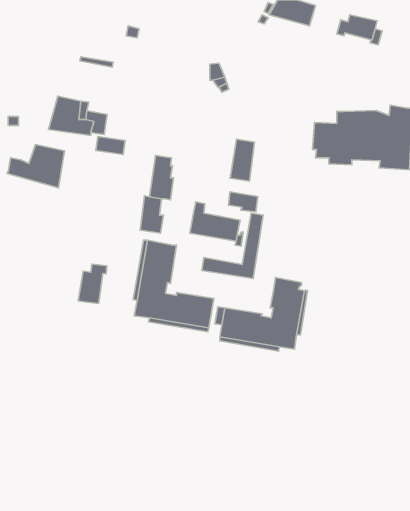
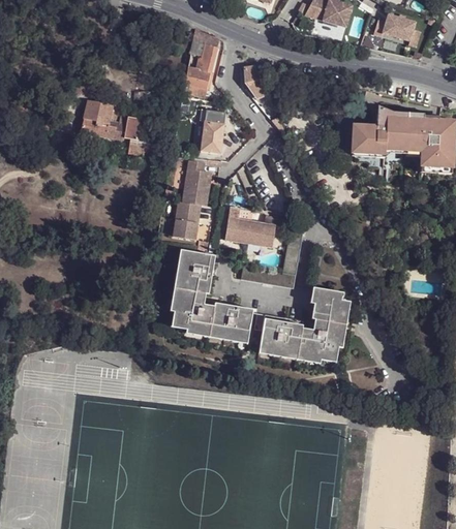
building: none -> [185,44,217,89]
building: [230,139,255,181] -> [201,110,225,153]
building: [7,145,64,188] -> none
building: [229,192,258,212] -> none
building: [78,264,107,304] -> none

